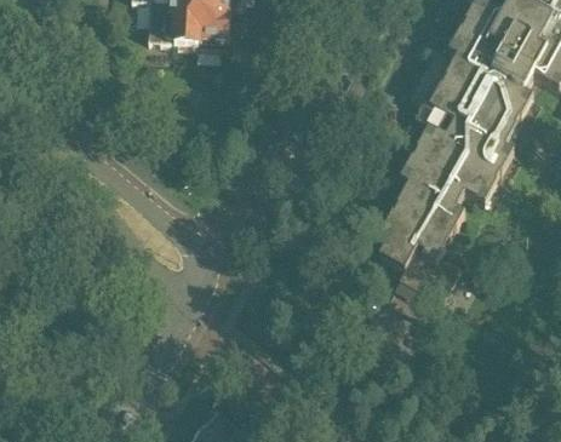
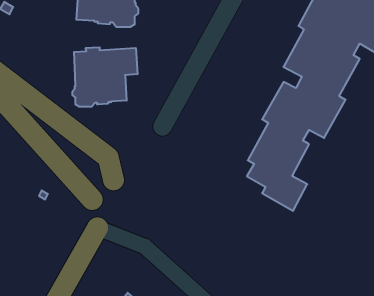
building: none -> [73,47,137,107]

